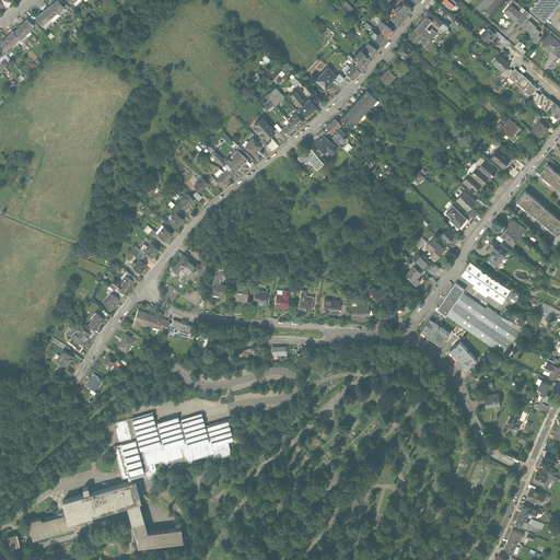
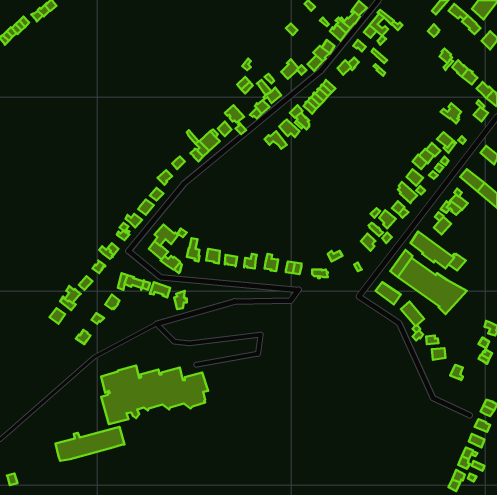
building: [127,502,182,545] -> none
building: [28,515,81,538] -> none

